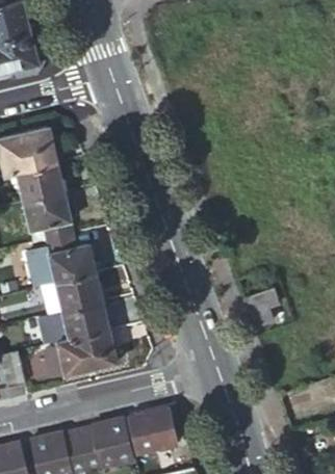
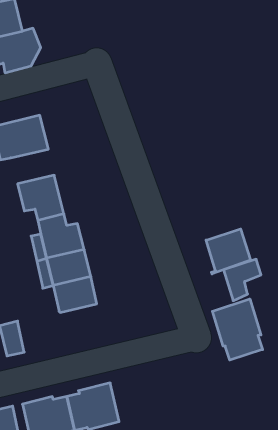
building: [16,164,62,202] -> none
building: none -> [206,229,251,274]
building: none -> [212,299,263,360]
building: [49,331,117,376] -> none
building: [127,404,175,452] -> none

